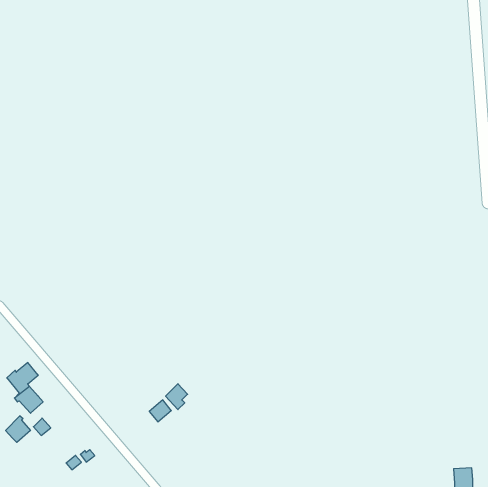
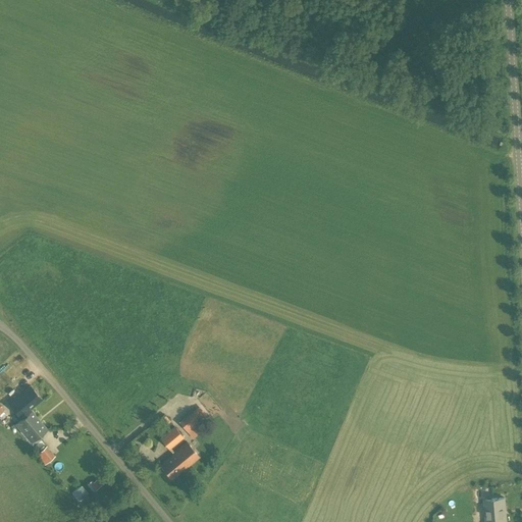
building: none -> [159,443,198,480]
building: [6,416,30,442] -> none

